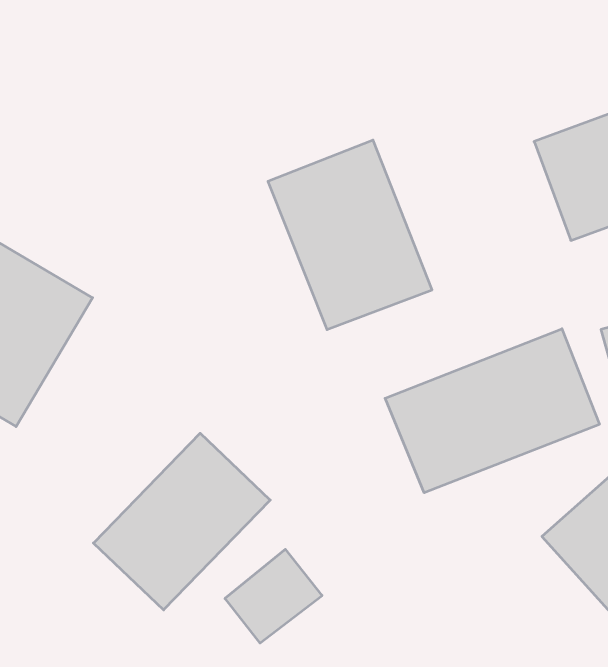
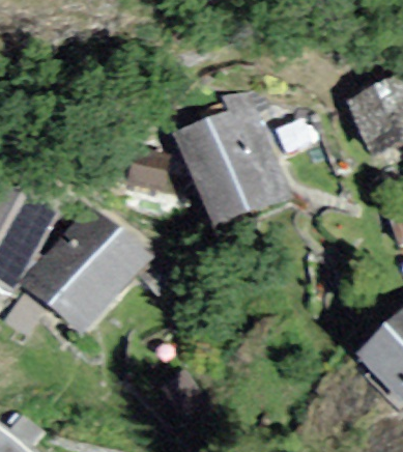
building: [385,329,599,493] -> none
building: [93,433,270,610] -> [31,219,146,334]

